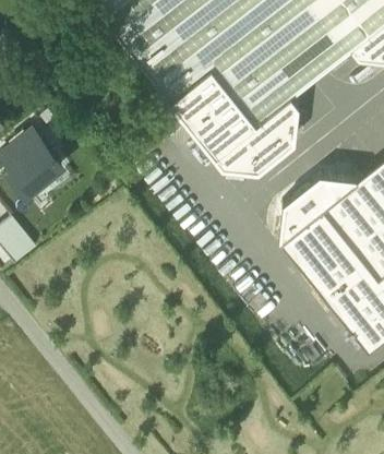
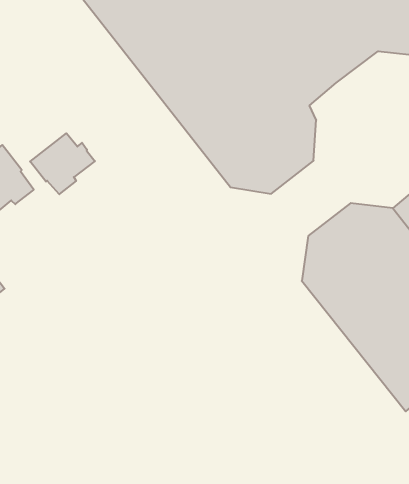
building: none -> [30,133,95,194]

